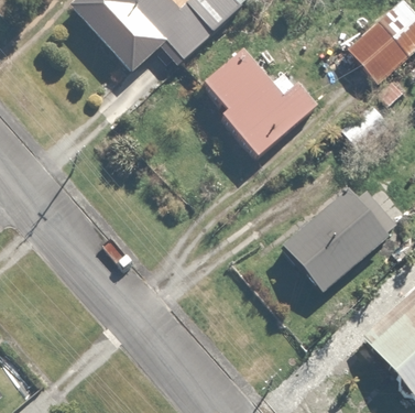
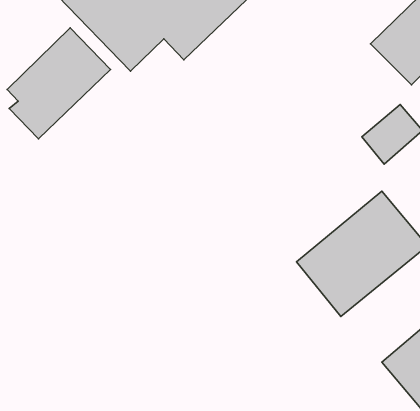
building: none -> [7,28,110,139]
building: [203,48,316,159] -> none

